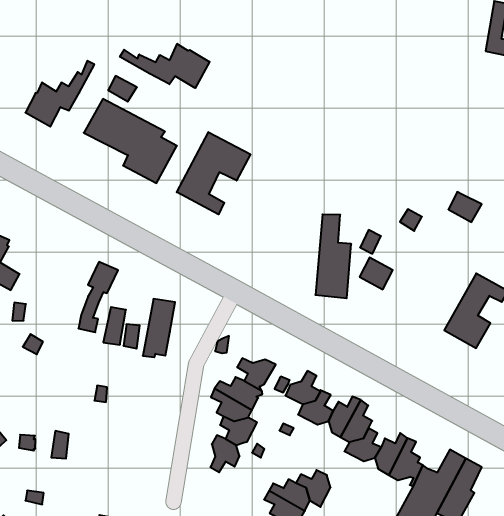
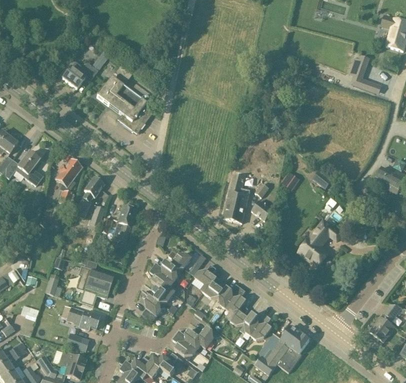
building: [120,44,210,88] -> none
building: [177,132,250,214] -> none
building: none -> [54,158,81,205]
building: none -> [76,265,113,294]
building: none -> [66,306,99,329]

